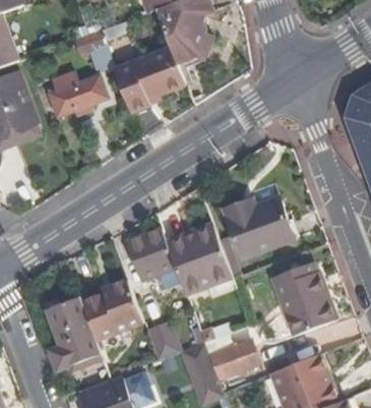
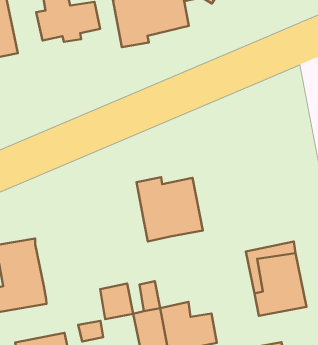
building: [228,195,295,255] -> none
building: [127,227,176,281] -> none
building: [81,280,142,340] -> none

